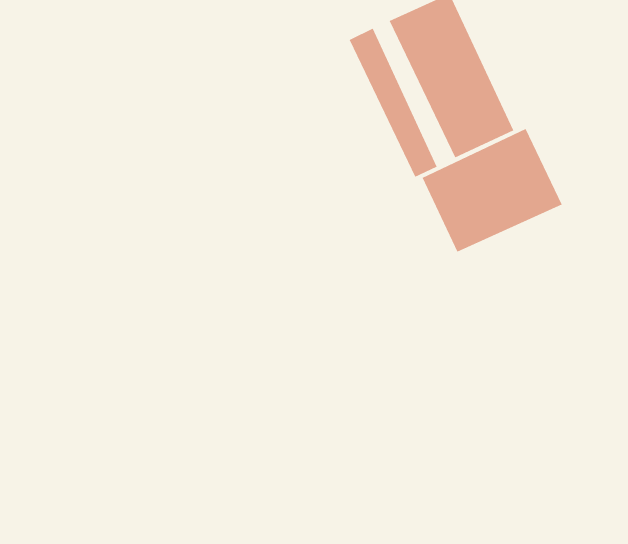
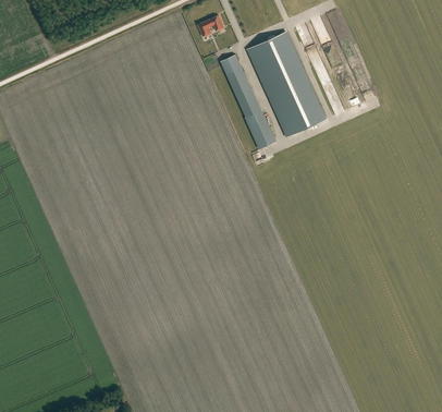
building: [422,128,562,252] -> none

